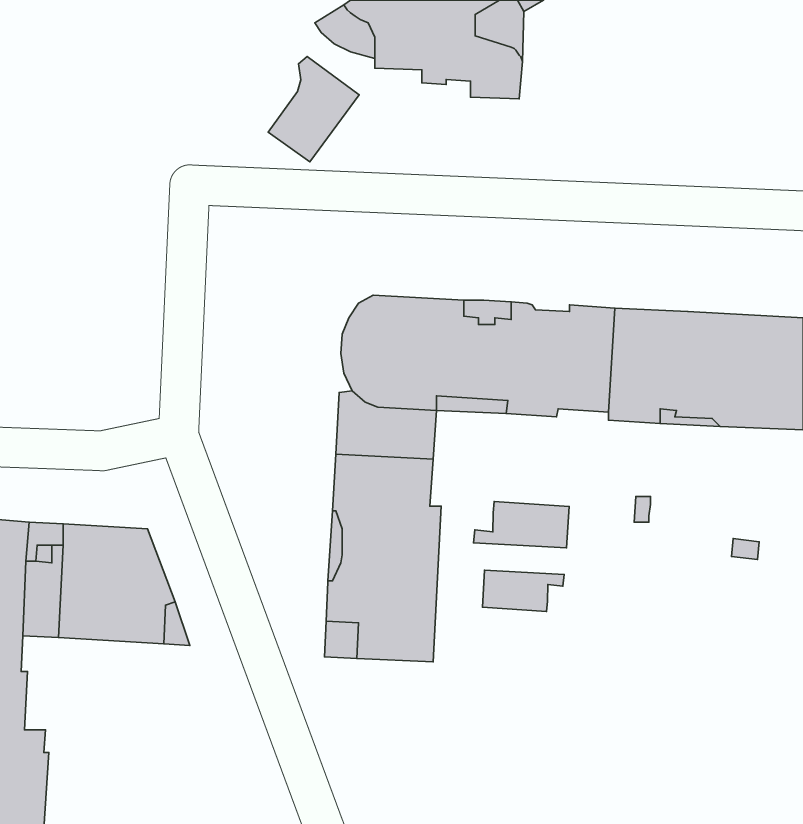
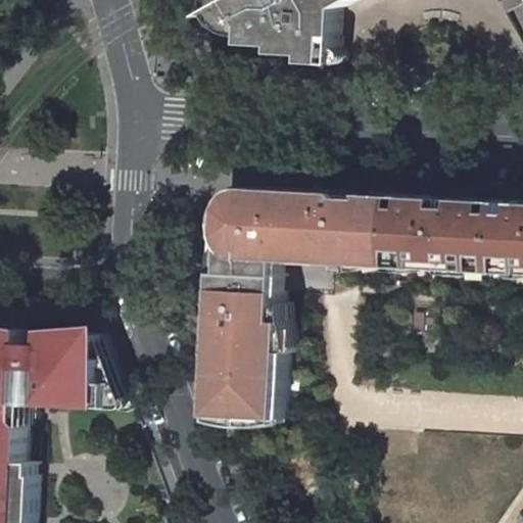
building: [268,56,359,162] -> none
building: [474,502,569,548] -> none
building: [482,570,564,611] -> none

